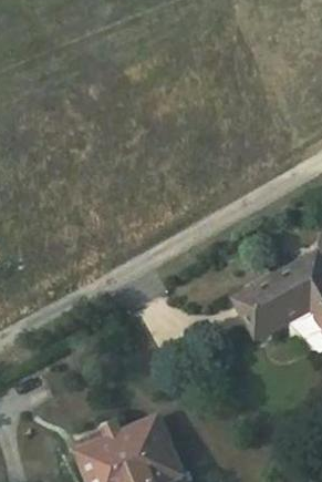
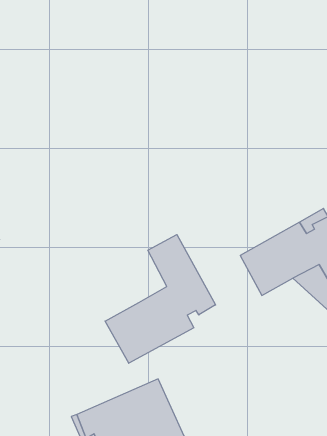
building: none -> [105,235,216,363]

